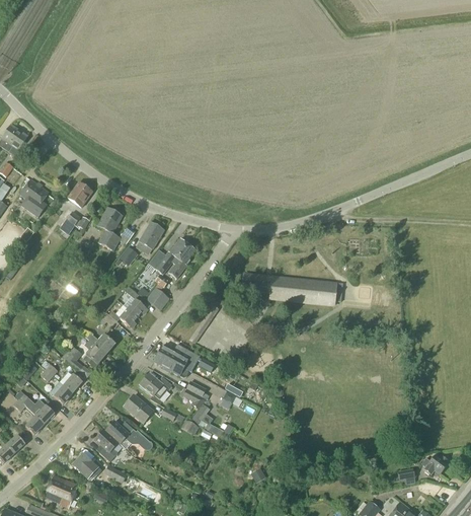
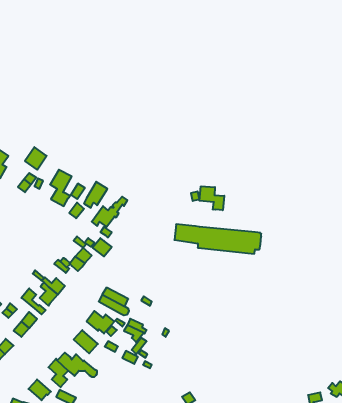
building: none -> [199,186,224,210]
building: [168,243,194,279] -> none

